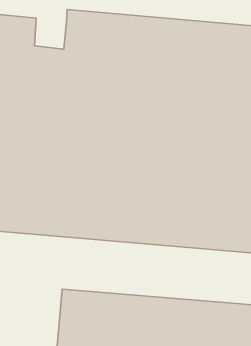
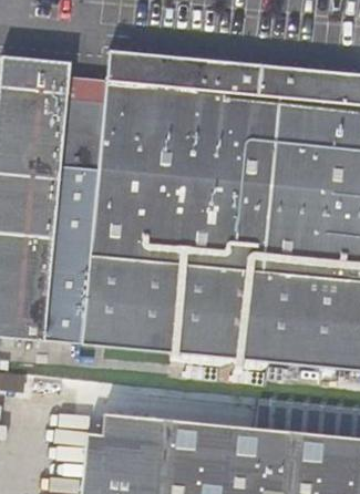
building: none -> [68,64,109,104]

